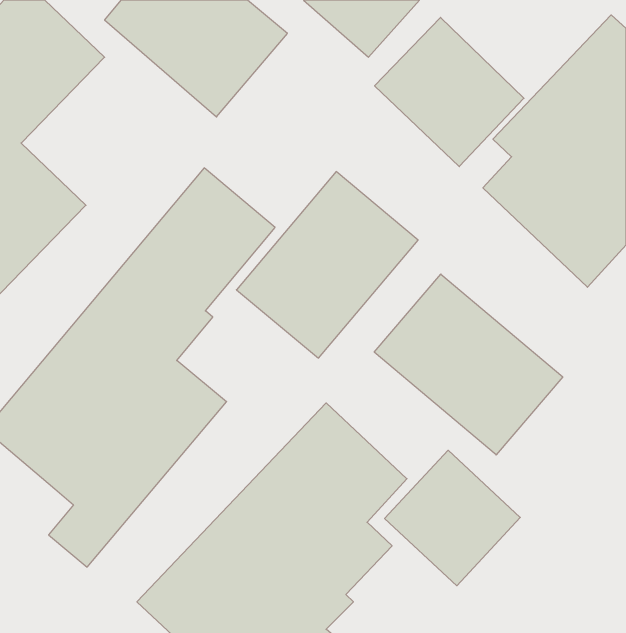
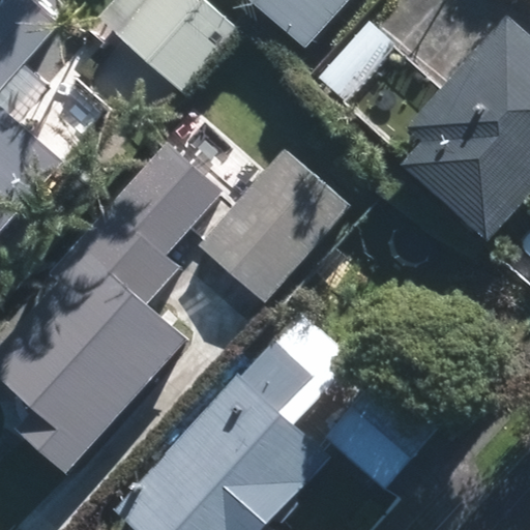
building: [374,274,563,455] -> none

